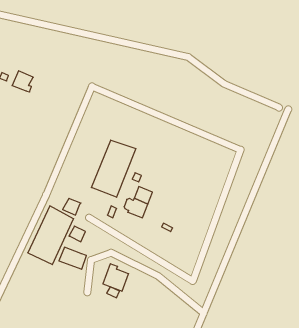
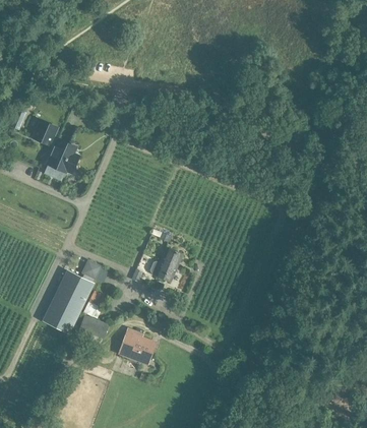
building: none -> [41,136,71,170]
building: [91,140,136,197] -> none

